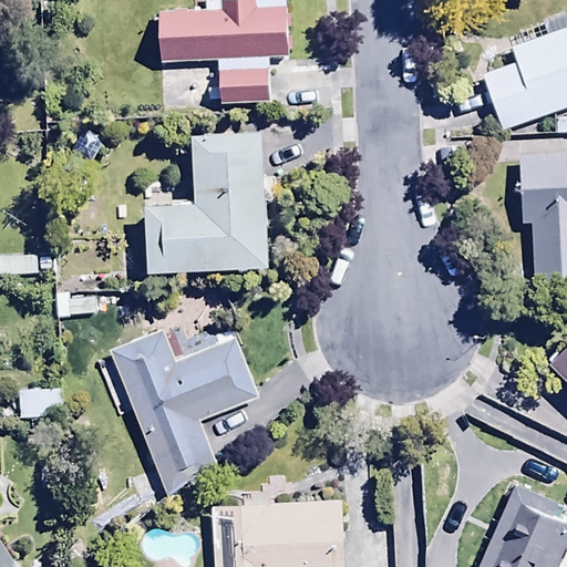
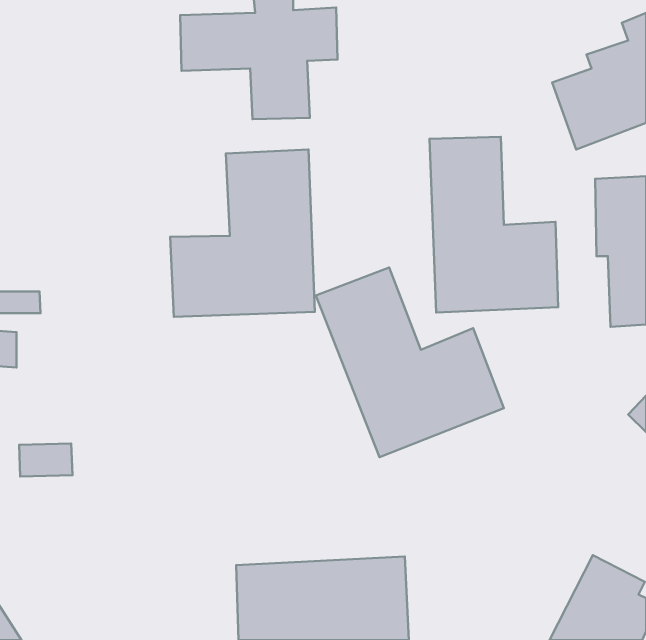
building: none -> [429,137,558,312]
building: none -> [316,267,504,457]
building: [111,321,260,499] -> none

